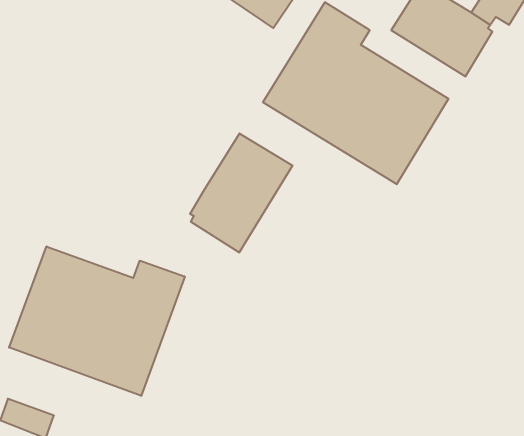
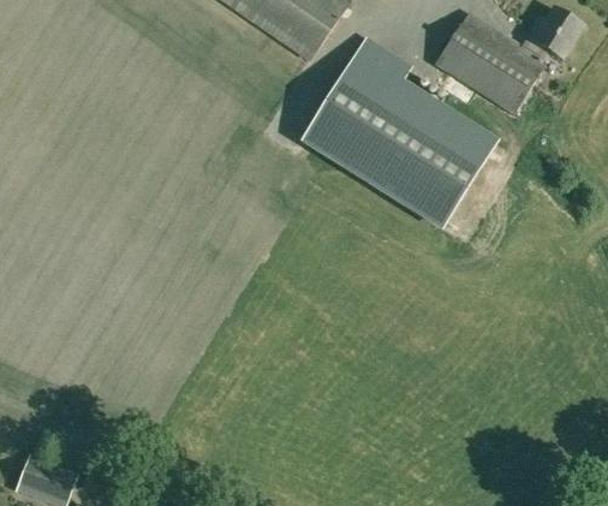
building: [190,133,292,253] -> none
building: [9,246,185,396] -> none

